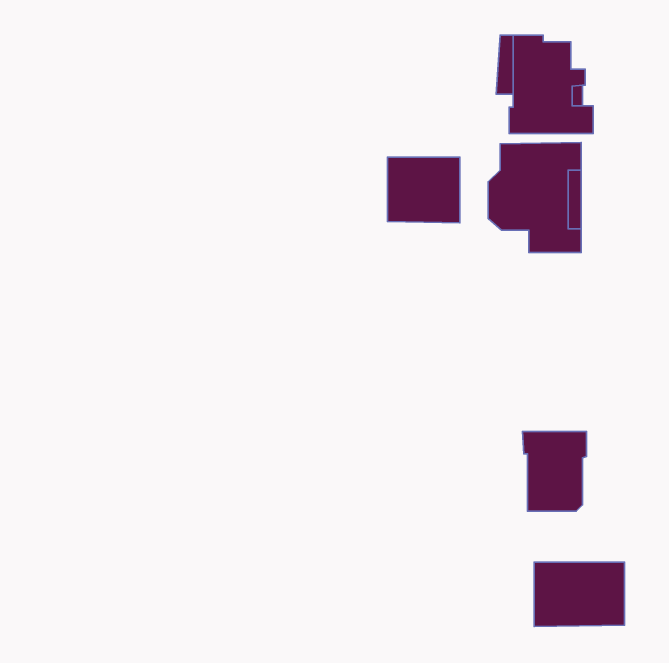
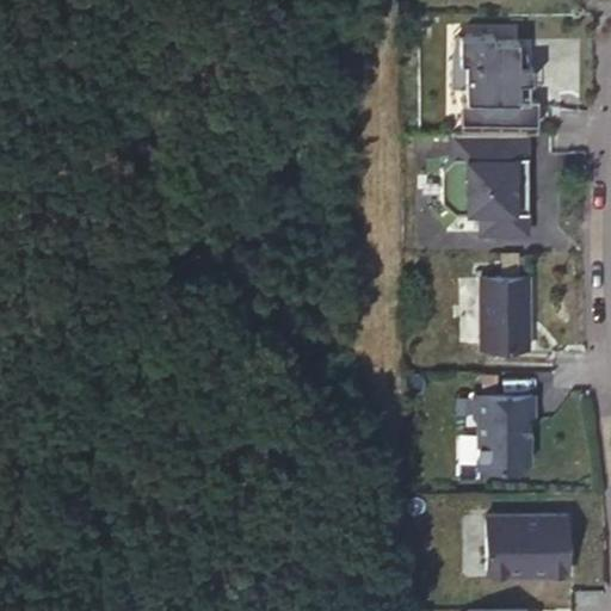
building: [388,157,460,223] -> none
building: none -> [482,279,531,352]

